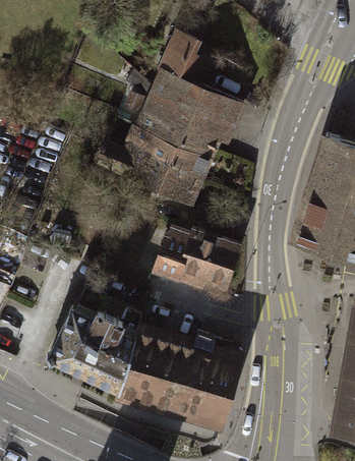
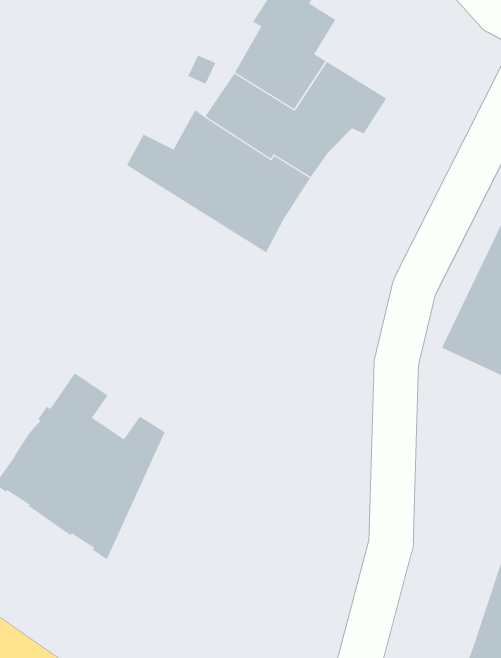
building: [154,233,238,289] -> none
building: [115,330,241,429] -> none

